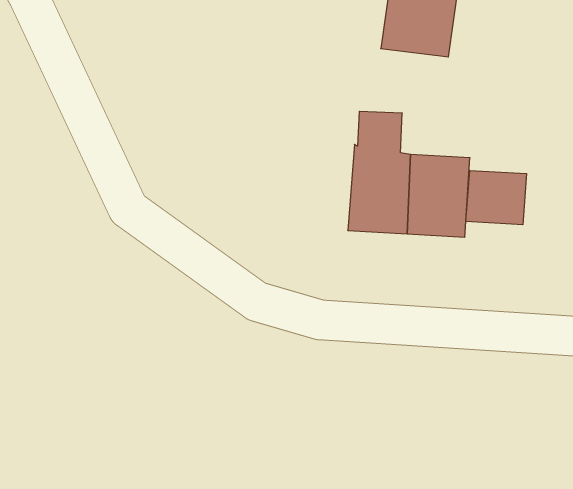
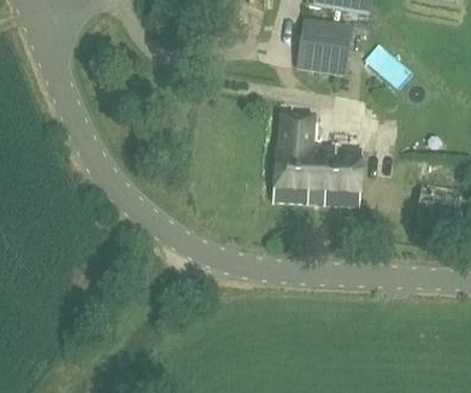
building: [466,170,527,225] -> none

